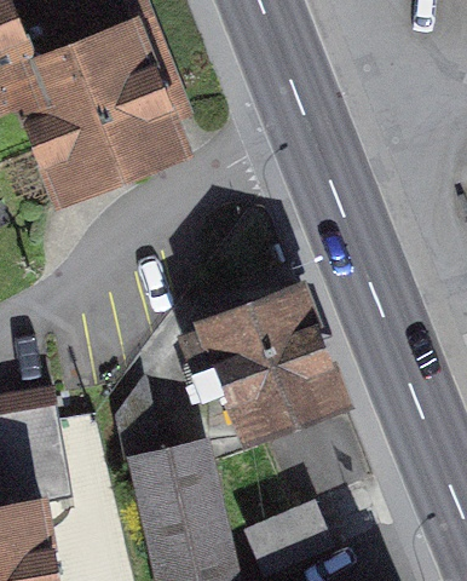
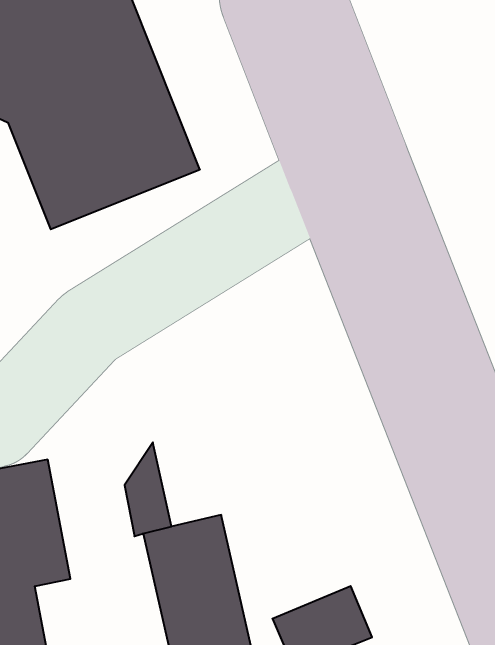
building: [184,290,342,439] -> none

